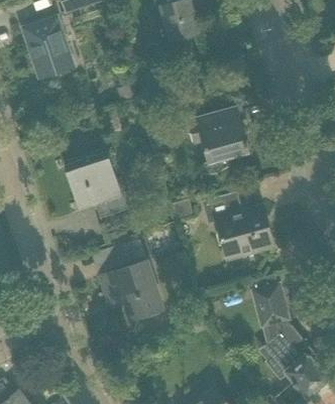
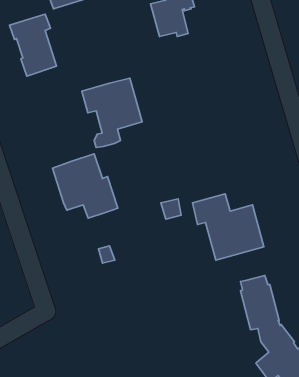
building: [189,108,248,176] -> [82,78,142,147]
building: [100,260,162,318] -> none

